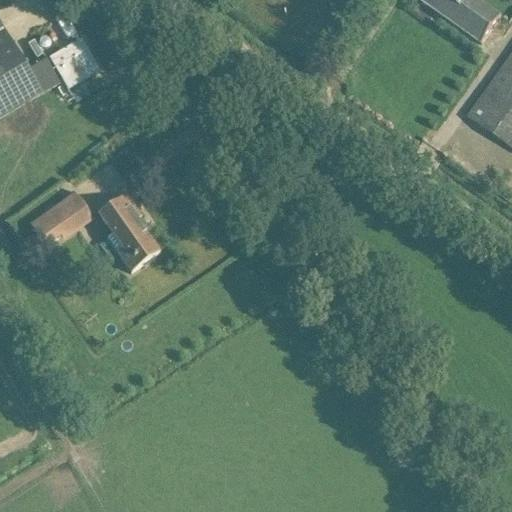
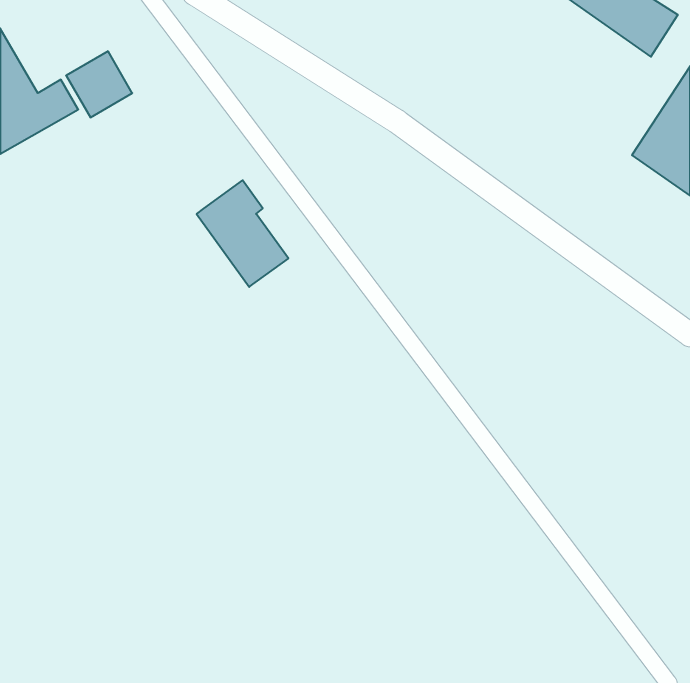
building: [32,191,89,242] -> none
building: [92,192,160,271] -> [197,180,288,287]

